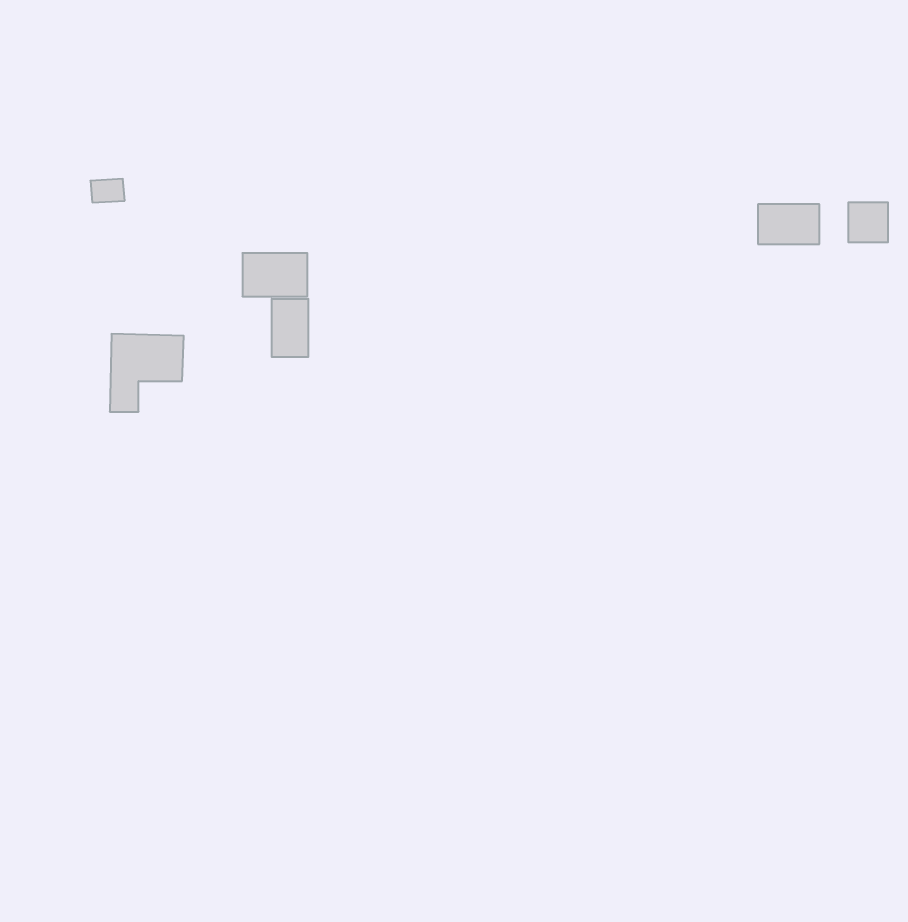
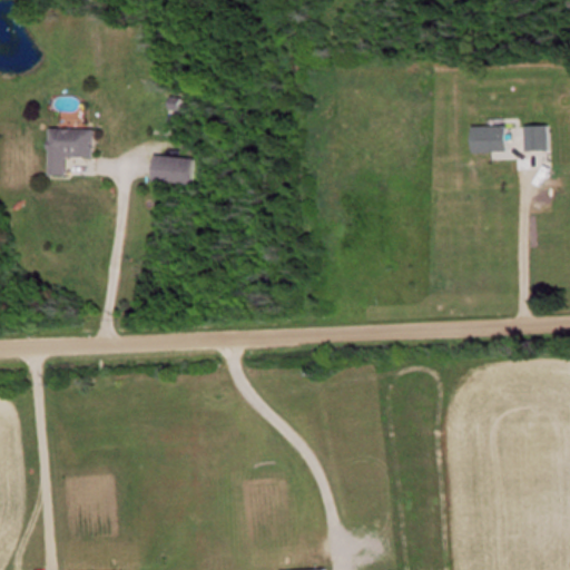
building: [272,299,308,357] -> none
building: [110,334,184,412] -> [48,128,94,176]

